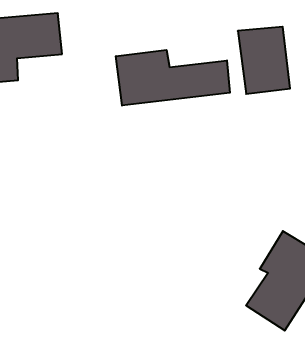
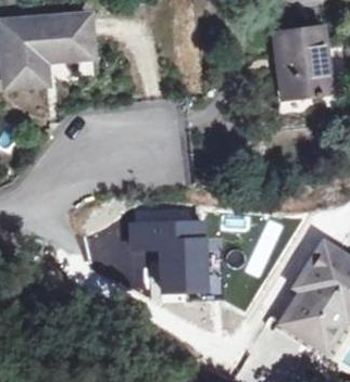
building: [116,50,230,106] -> none
building: none -> [133,222,204,289]

